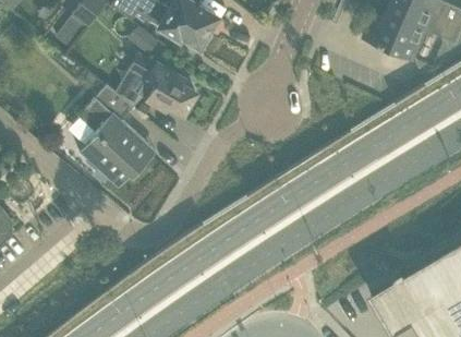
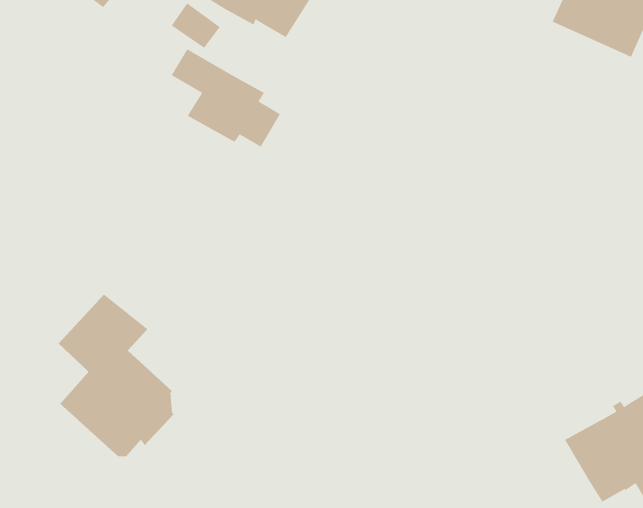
building: [77,84,149,184] -> [58,294,175,457]

